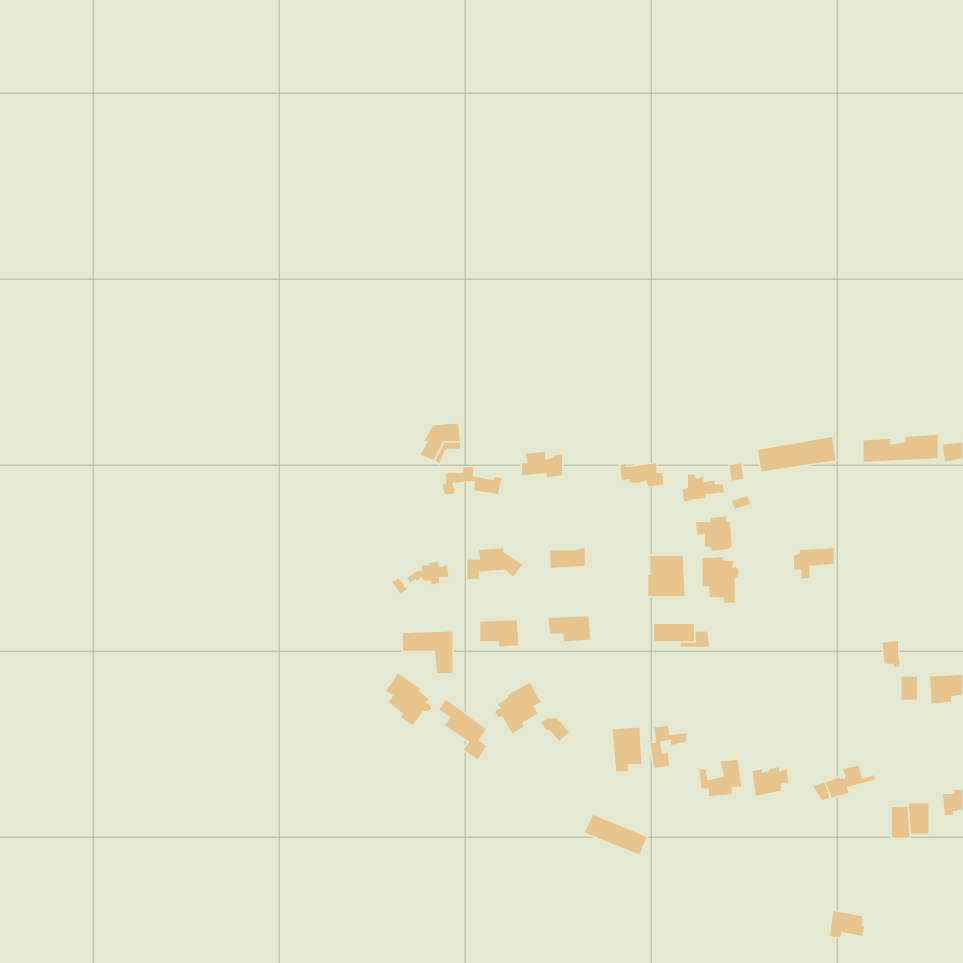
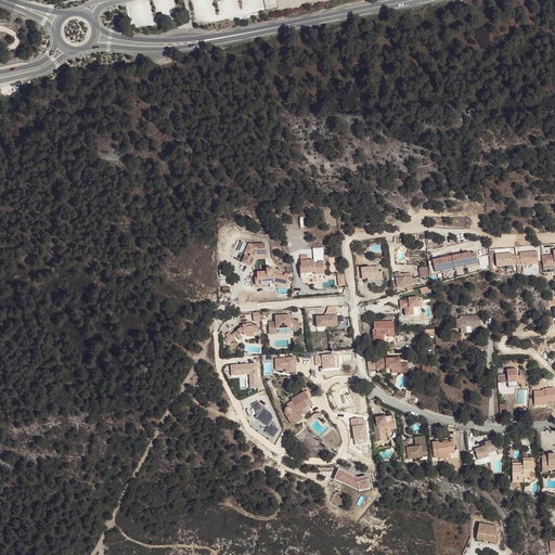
building: [701,556,740,604] -> none
building: [385,672,432,727] -> none

